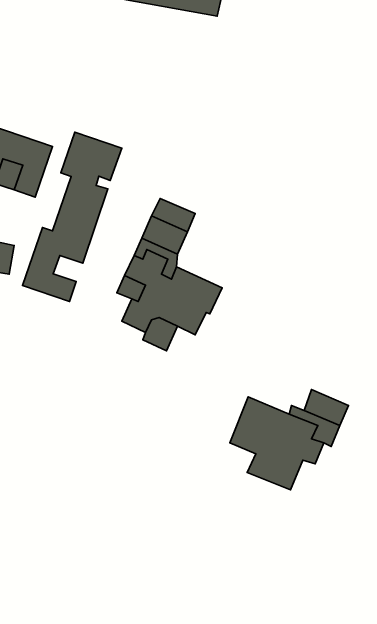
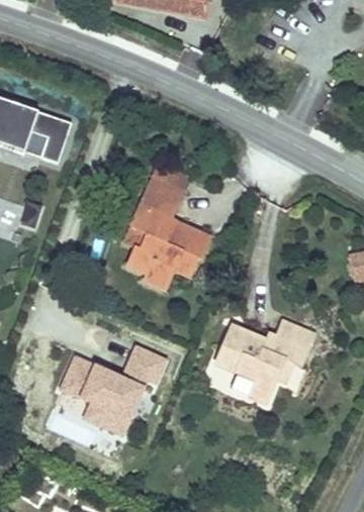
building: [23,132,122,301] -> none
building: none -> [58,341,169,435]

